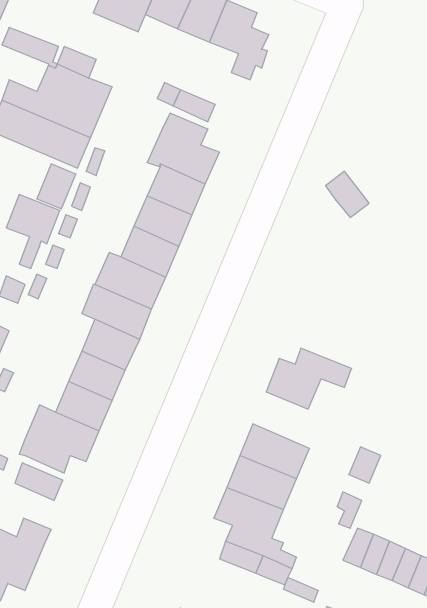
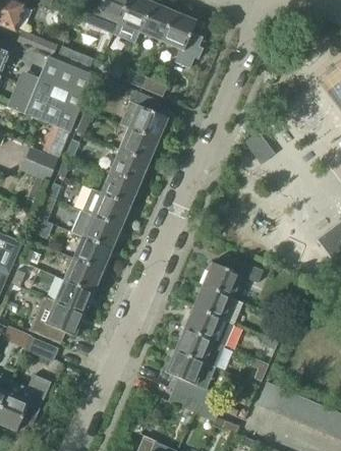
building: none -> [192,286,241,326]

